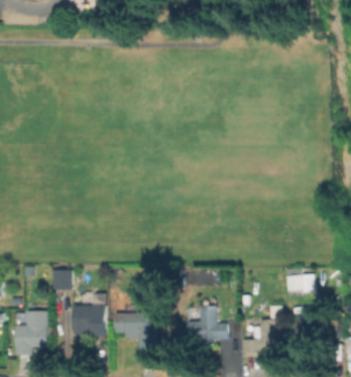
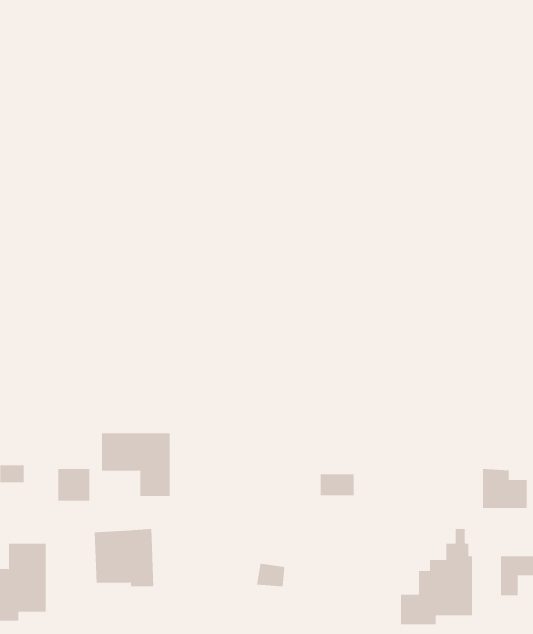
building: [188,313,225,344] -> none
building: [116,315,154,350] -> [101,433,171,497]

